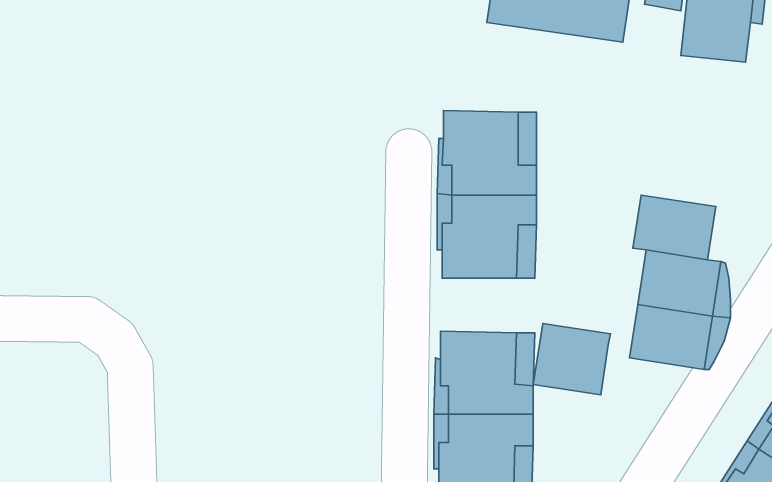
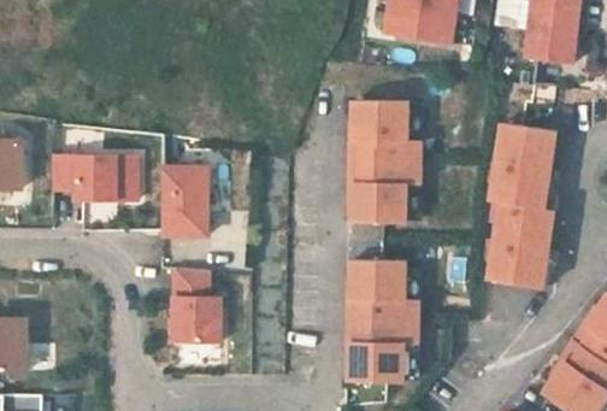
building: none -> [495,123,555,170]
building: none -> [51,153,136,198]
building: none -> [160,165,206,233]
building: [533,323,610,395] -> none
building: none -> [172,265,220,339]

